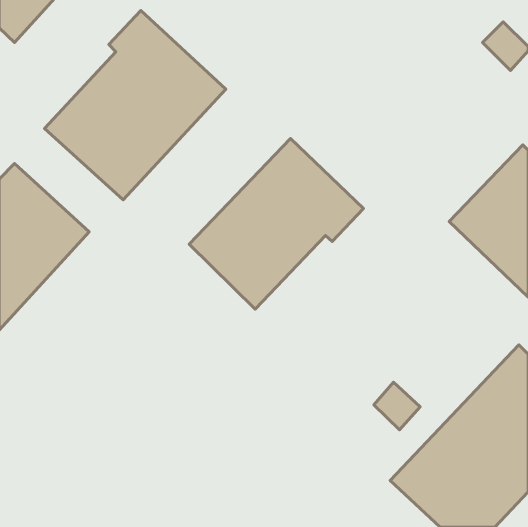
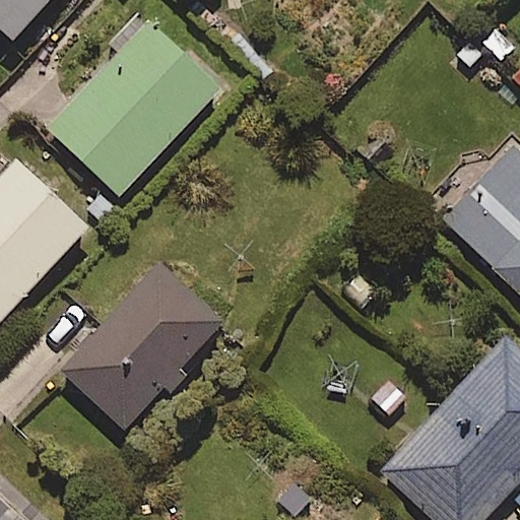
building: [189,139,363,309] -> none
building: none -> [60,262,228,431]

